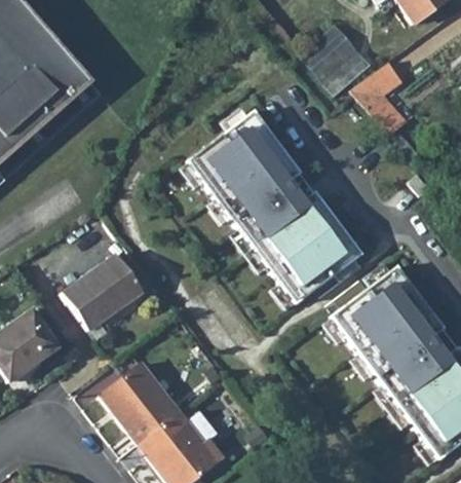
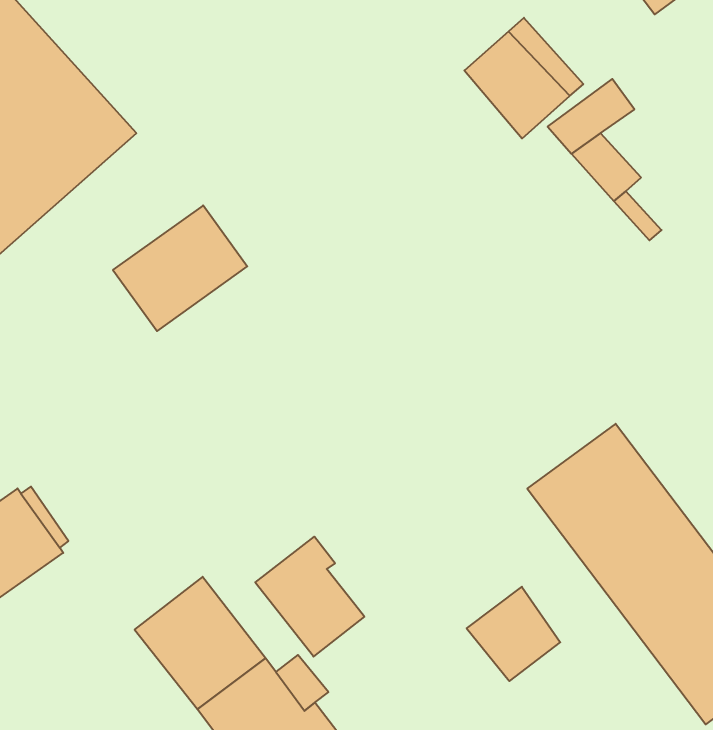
building: [192,109,357,304] -> none
building: [60,255,141,331] -> [113,205,247,331]
building: none -> [255,537,364,657]
building: none -> [467,587,560,681]

